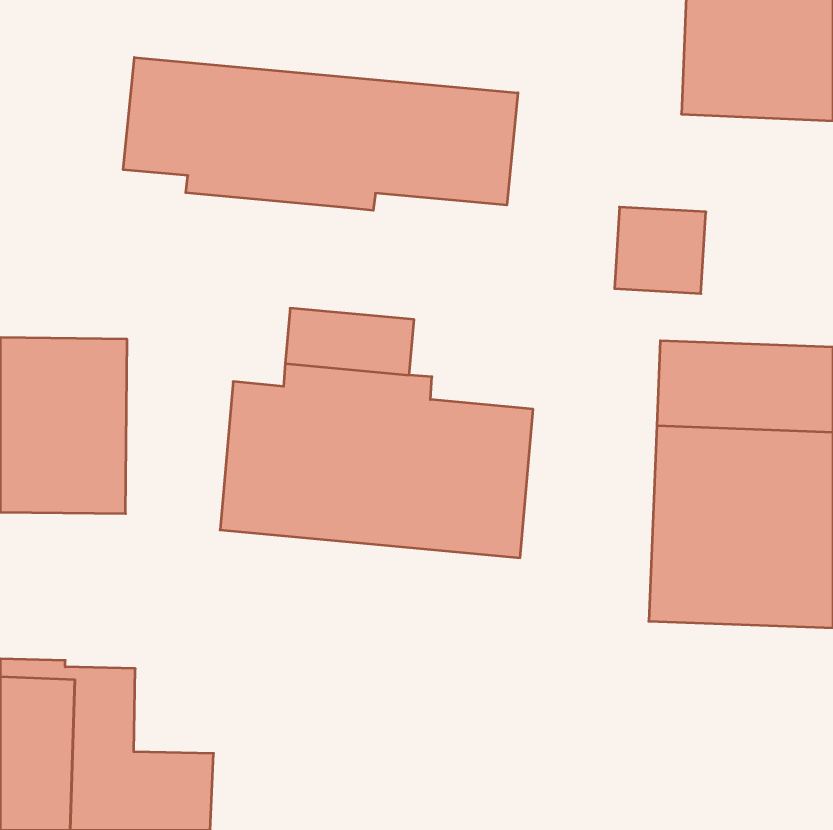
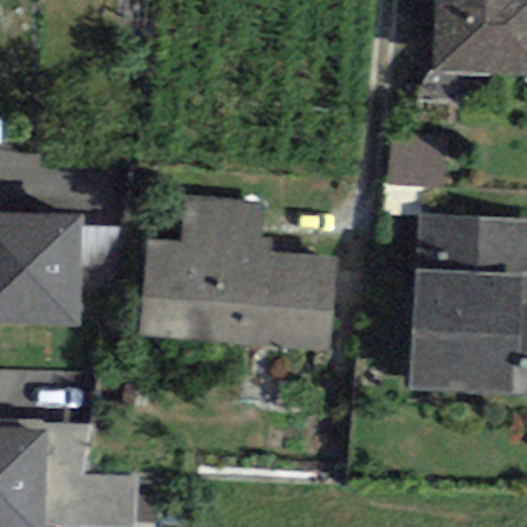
building: [123,57,518,210] -> none

